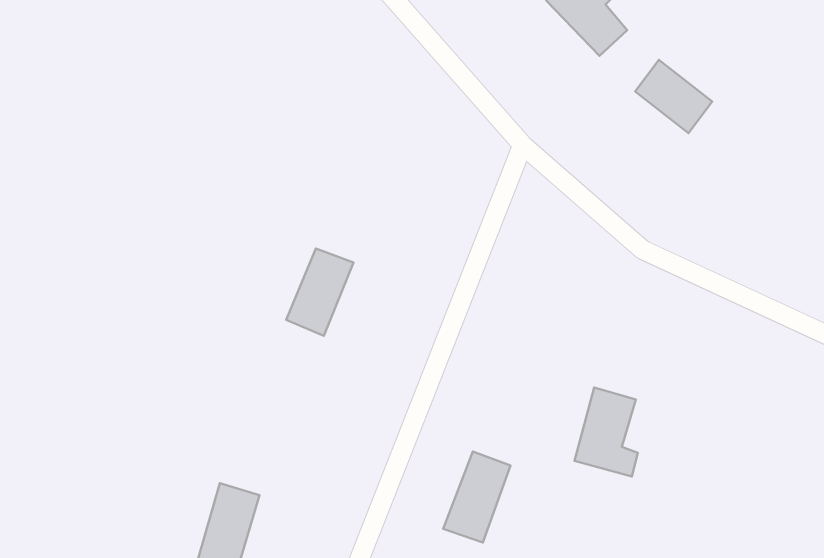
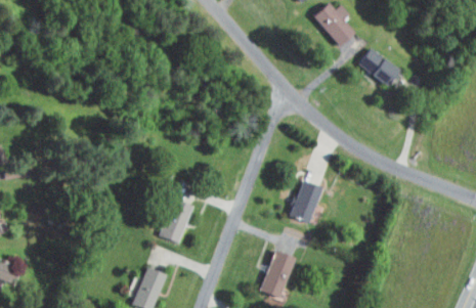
building: [286,249,354,336] -> [159,199,193,244]
building: [575,388,638,477] -> [291,180,323,226]

